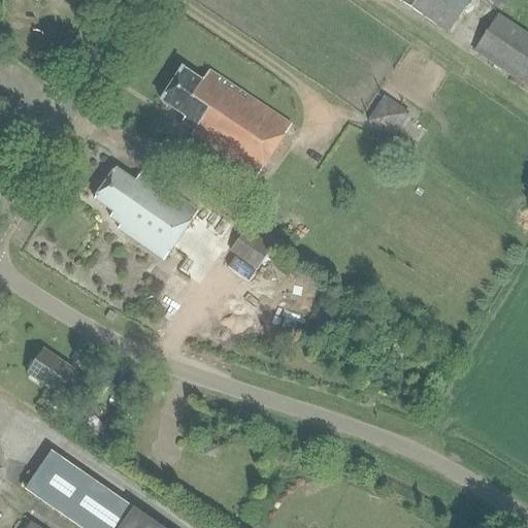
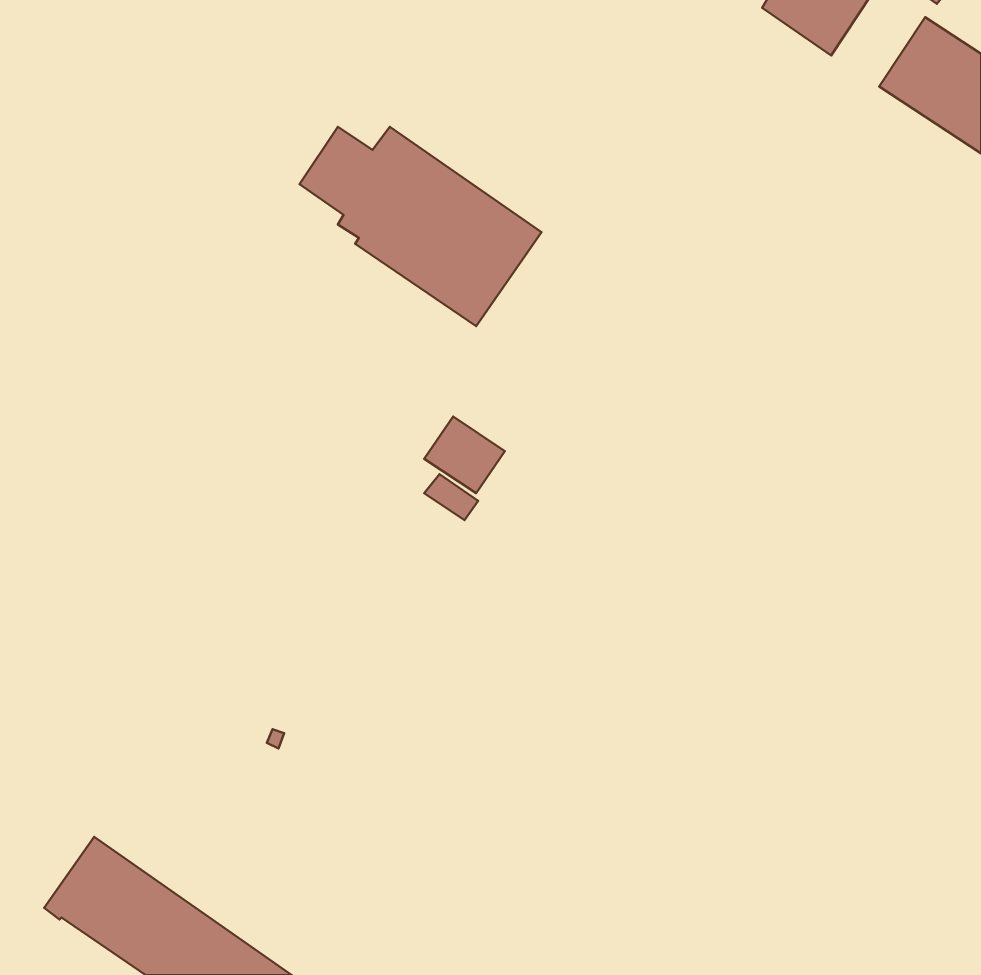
building: [369,93,408,132] -> none
building: [94,167,200,260] -> none
building: [27,348,90,396] -> none

